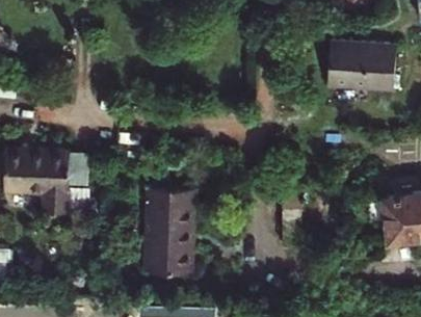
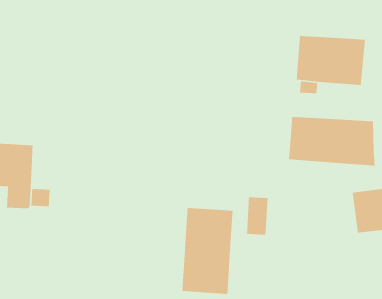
building: none -> [288,116,375,166]
building: [137,186,188,272] -> [182,207,233,295]

